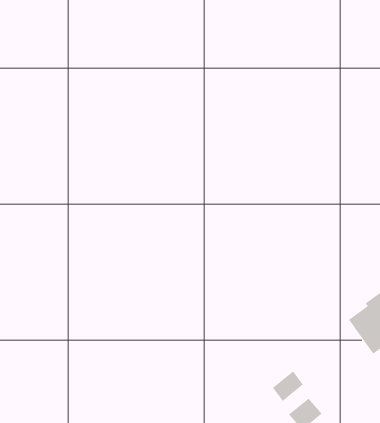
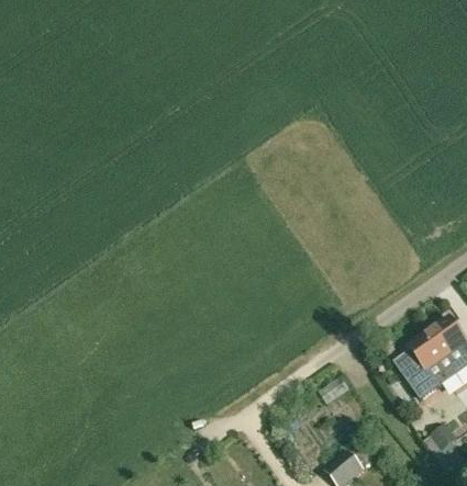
building: [272,371,304,402] -> none

